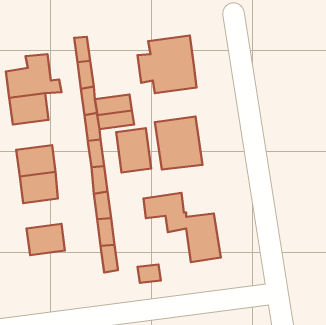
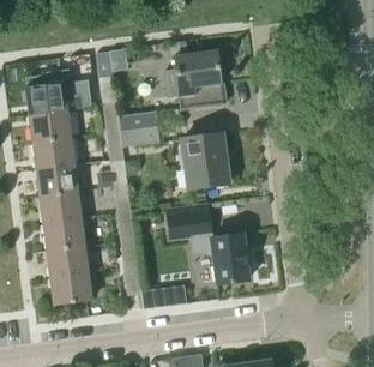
building: none -> [34,137,74,168]
building: [116,128,151,173] -> none
building: none -> [44,218,84,249]
building: none -> [52,272,91,305]

